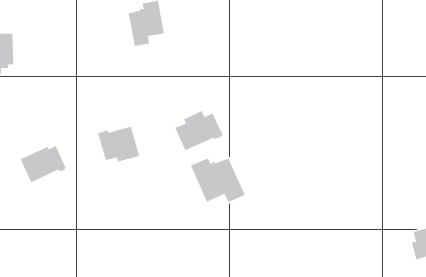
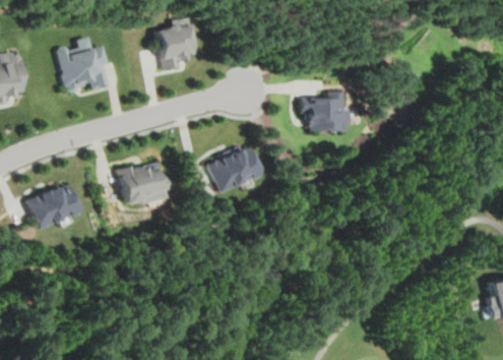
building: none -> [55,36,109,93]
building: none -> [299,92,347,132]
building: [190,157,246,203] -> none

